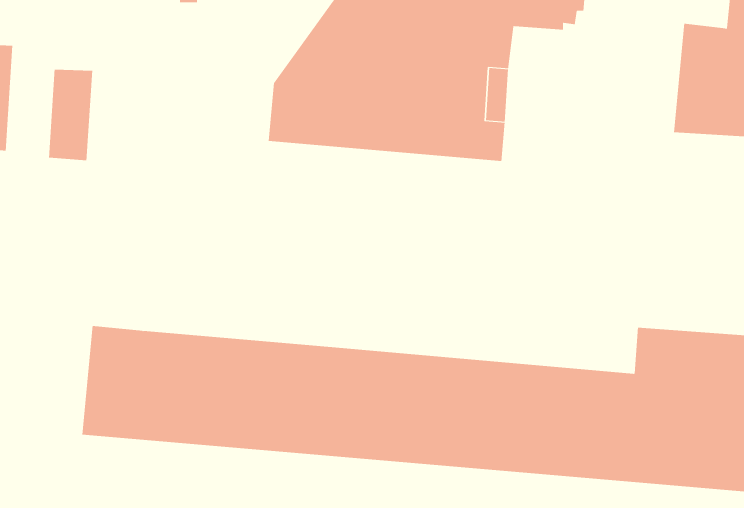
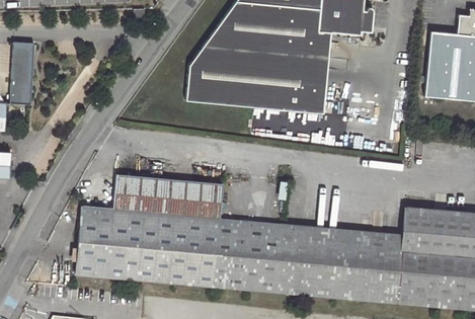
building: [48,69,93,161] -> none
building: none -> [111,174,222,221]

